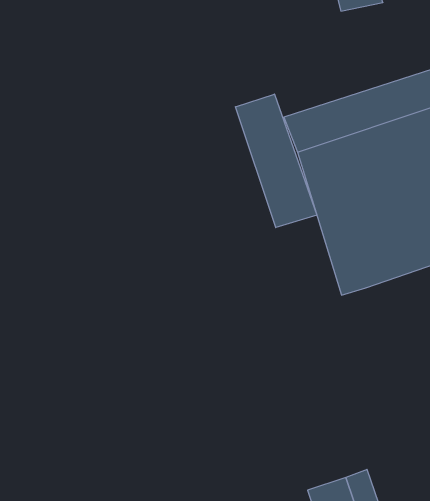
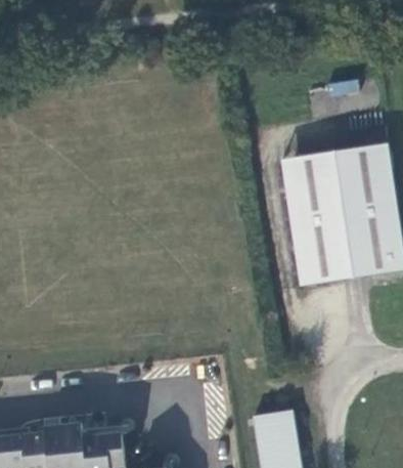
building: [235,94,317,228] -> none

